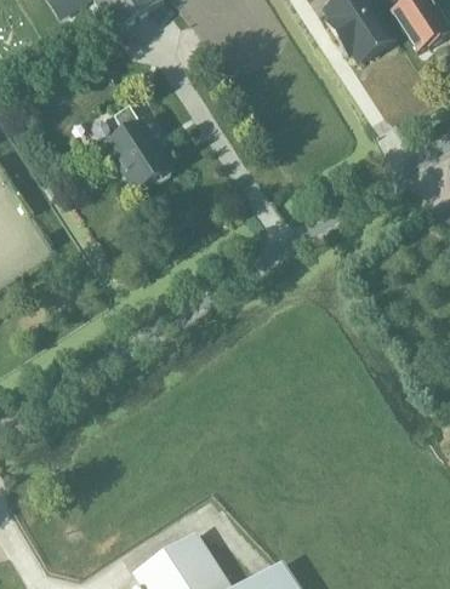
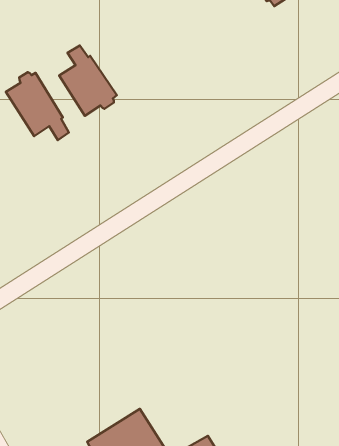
building: none -> [6,72,69,140]

